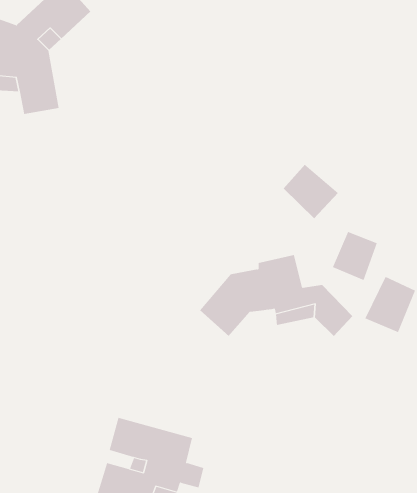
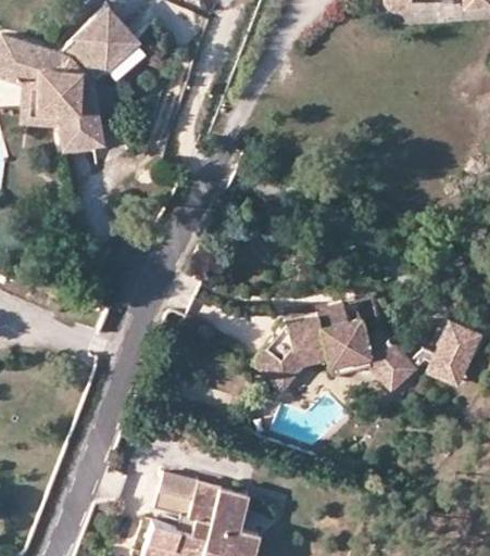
building: [283,164,339,219] -> none
building: [332,231,378,281] -> none

